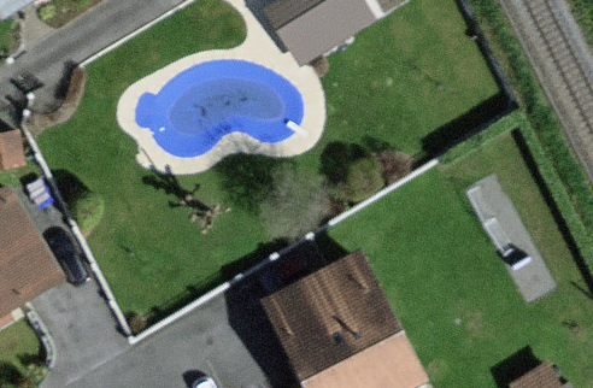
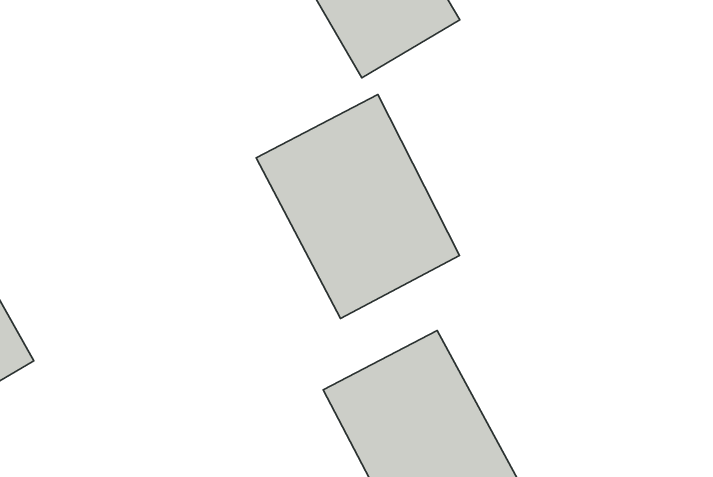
building: none -> [256,95,460,318]

